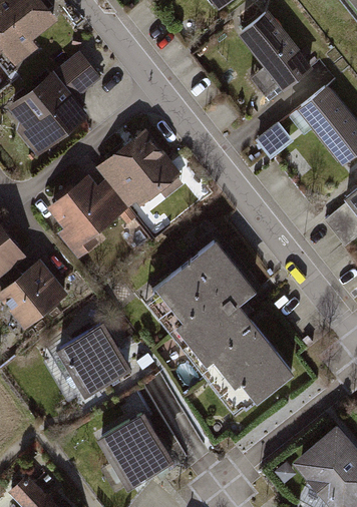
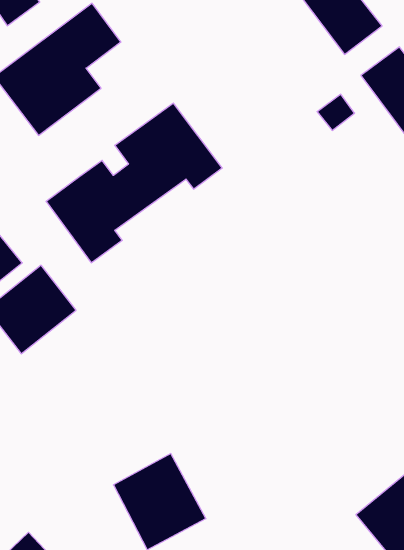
building: [153,240,294,407] -> none
building: [56,323,131,398] -> none

